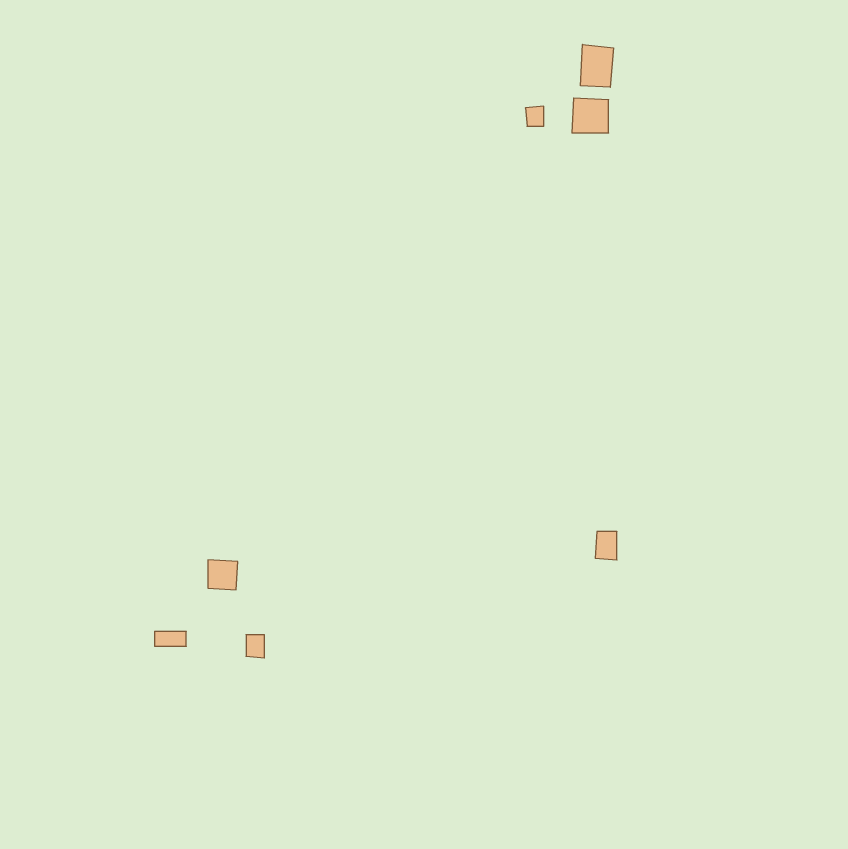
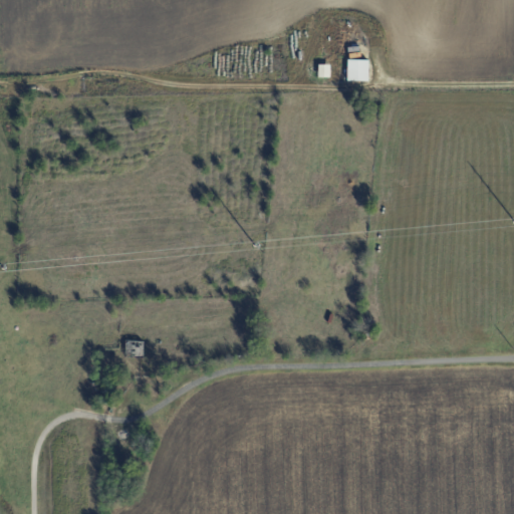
building: [581,44,613,87] -> none

